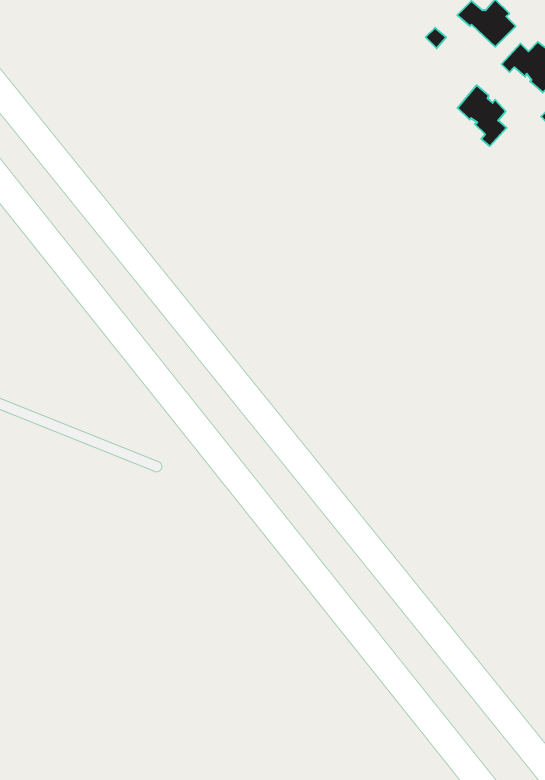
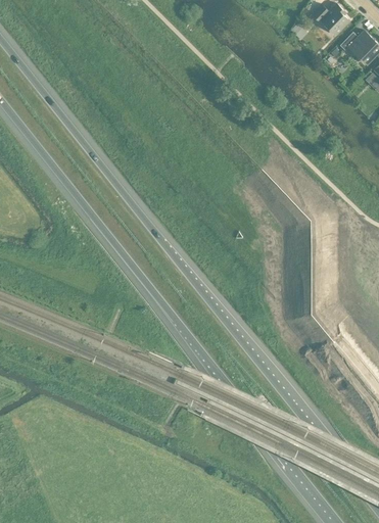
building: [457,85,507,146] -> none

